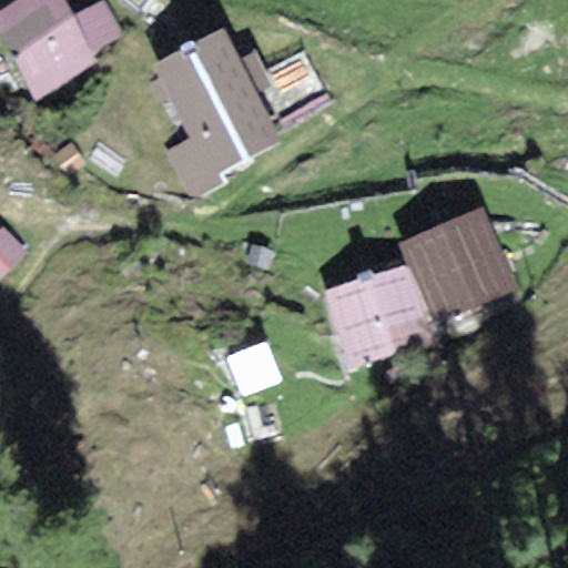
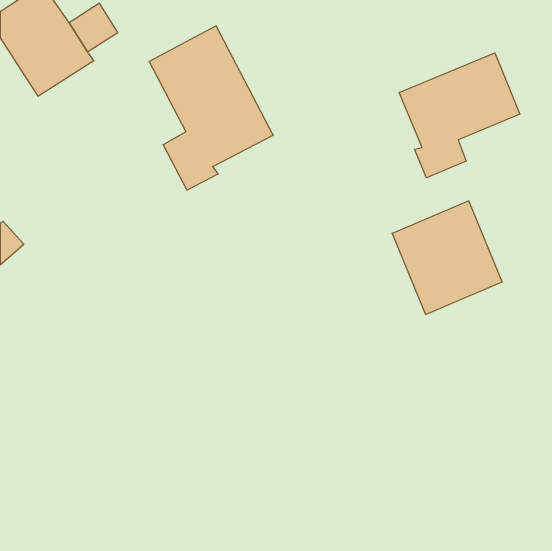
building: none -> [399,53,520,178]
building: [321,262,433,369] -> none

